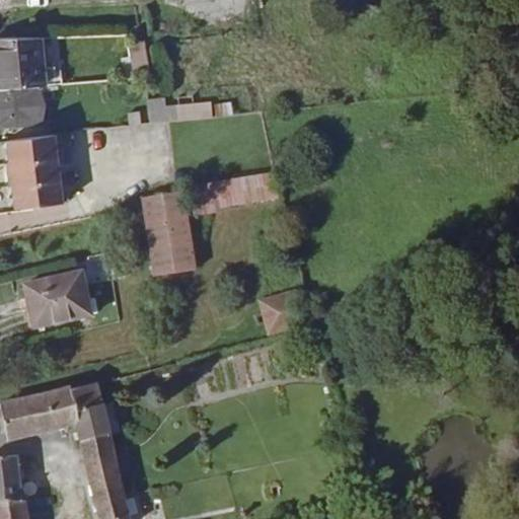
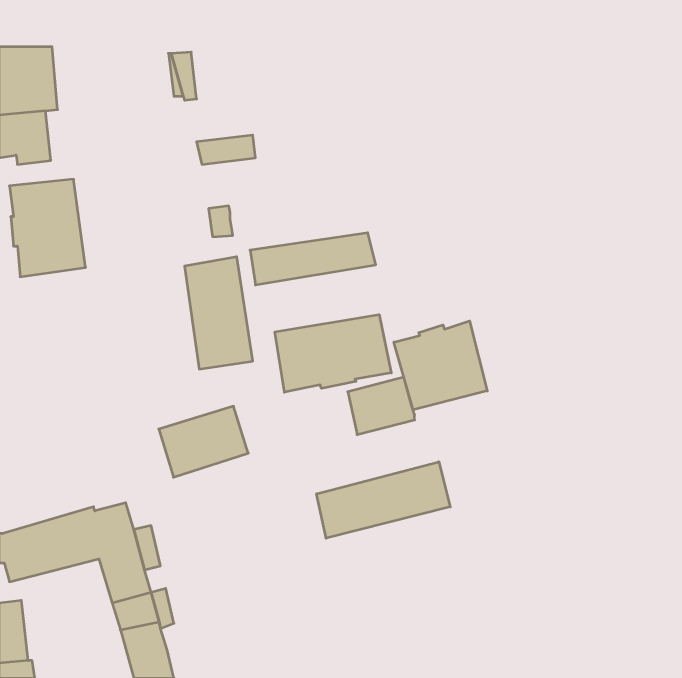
building: none -> [275,315,391,392]
building: none -> [394,321,487,410]
building: [22,271,90,324] -> [159,406,248,477]
building: none -> [317,462,450,538]

